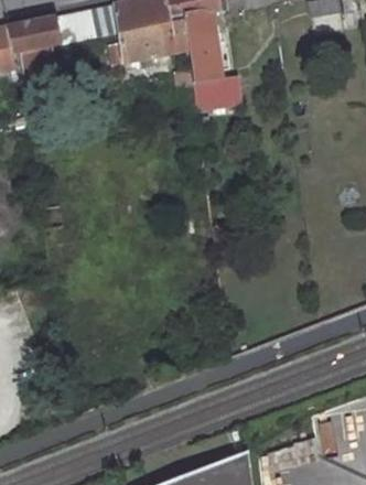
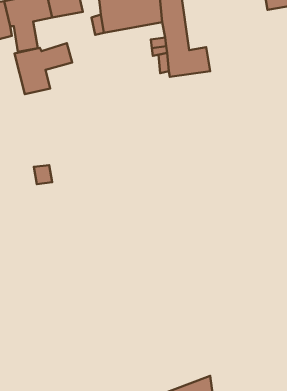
building: none -> [14,43,72,94]

